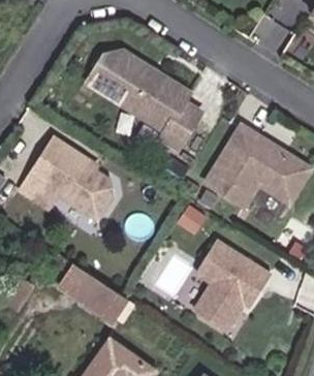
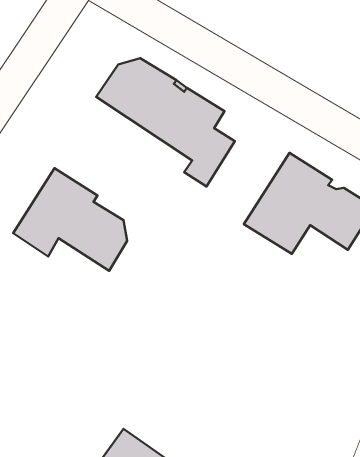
building: [196,241,273,330] -> none
building: [63,270,119,320] -> none

